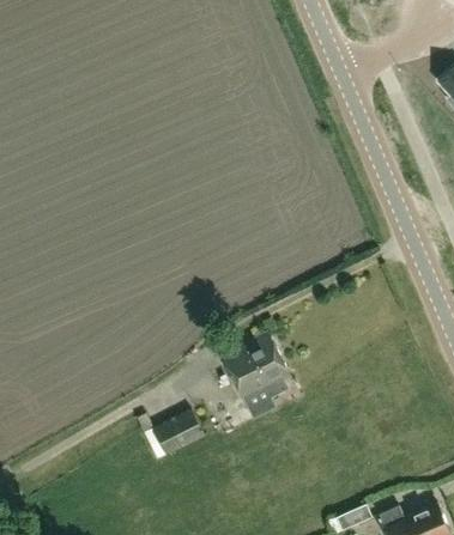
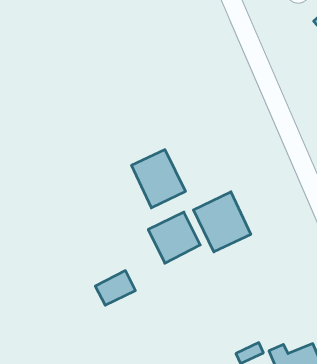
building: none -> [132,150,185,208]
building: none -> [193,192,251,252]

